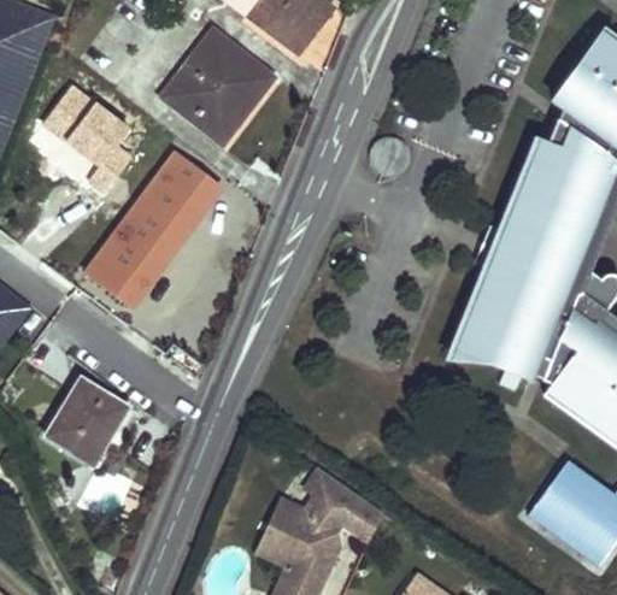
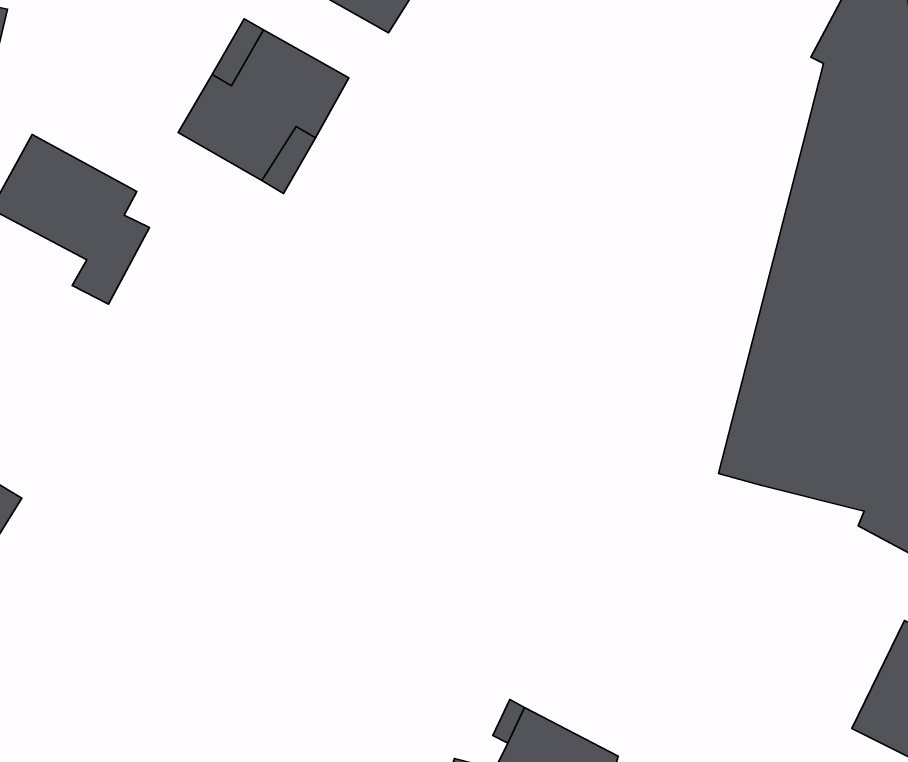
building: [447,141,543,359] -> none
building: [86,153,218,305] -> none
building: [46,378,128,463] -> none

